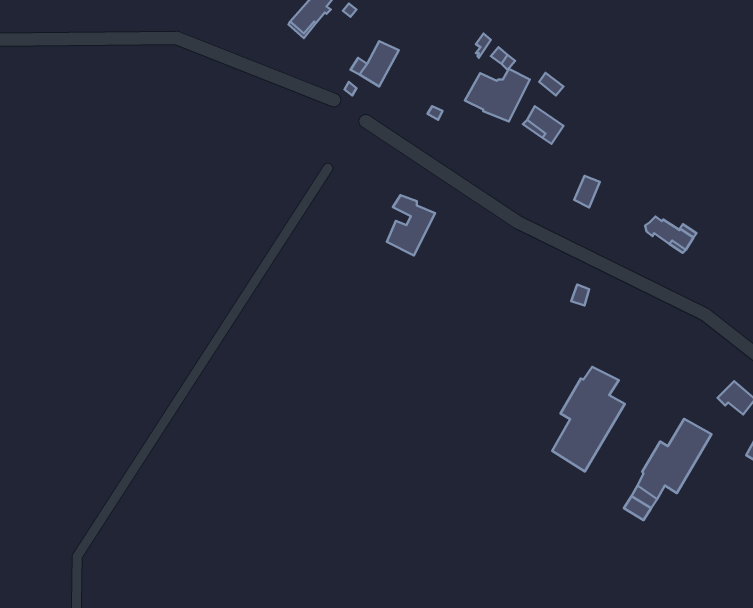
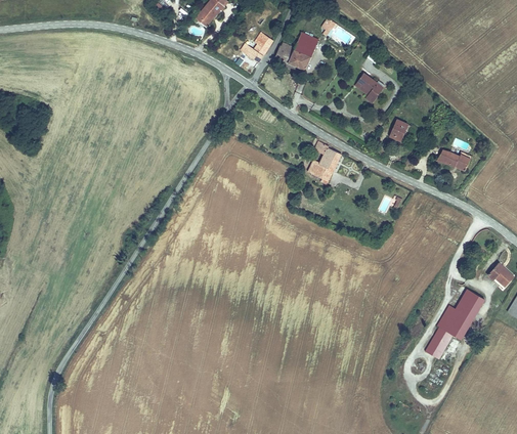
building: [465,69,530,122] -> [274,34,318,70]
building: [387,195,435,256] -> [308,141,341,182]
building: [552,367,625,471] -> none

